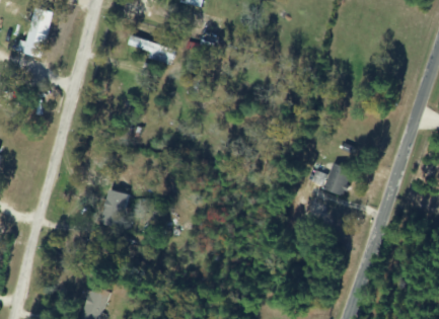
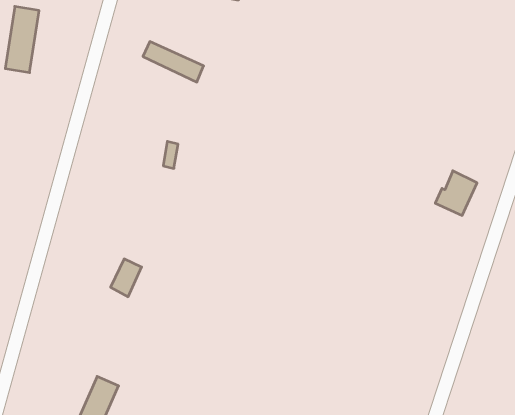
building: [321,162,353,195] -> [435,171,477,215]

